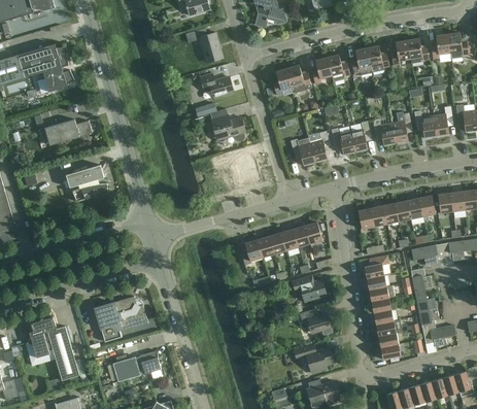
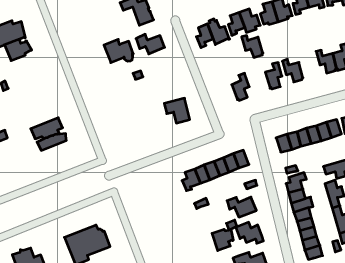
building: [391,112,411,144] -> none
building: [210,114,244,141] -> [104,39,133,63]
building: [38,120,91,145] -> none
building: [331,129,354,156] -> [242,36,263,57]
building: [289,138,314,167] -> none
building: none -> [212,229,233,251]

